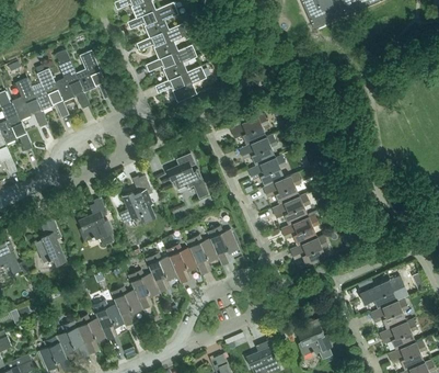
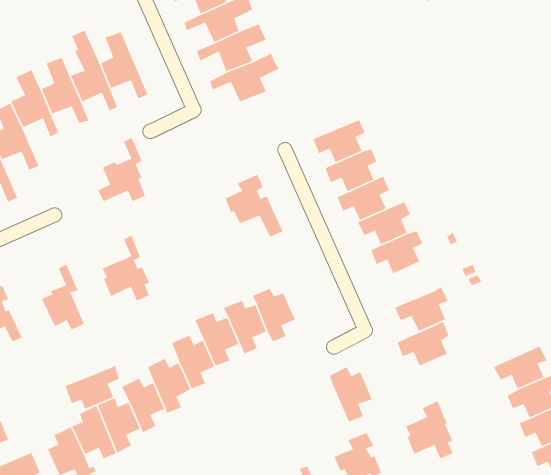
building: [119,176,154,223] -> [97,137,146,202]
building: [280,214,319,247] -> [396,321,449,366]
building: [207,226,239,267] -> [329,366,373,423]
building: none -> [64,365,120,410]

